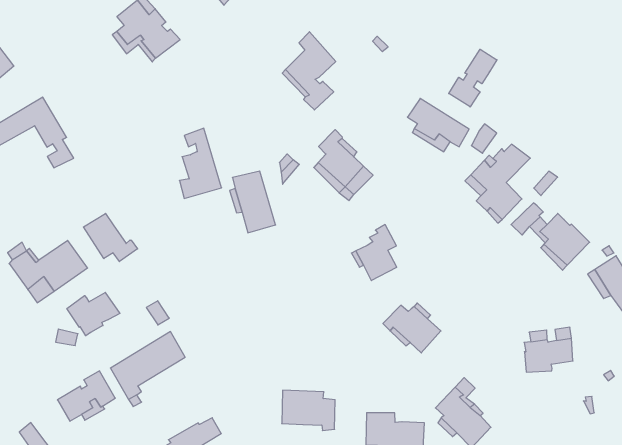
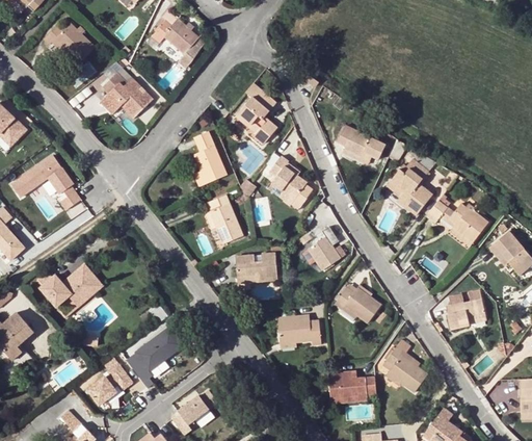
building: [449,49,497,107] -> none
building: [179,128,222,198] -> [192,130,225,186]
building: [83,213,138,262] -> none
building: none -> [235,253,276,281]
building: [67,292,120,336] -> none
building: [282,390,335,431] -> [276,315,320,345]

